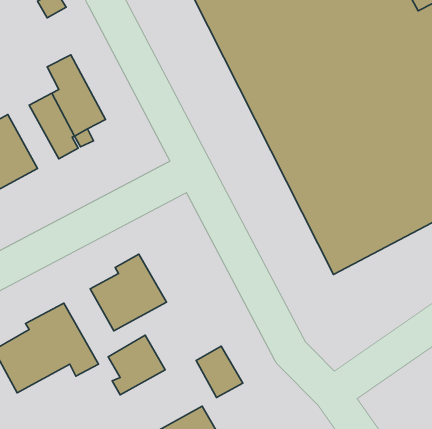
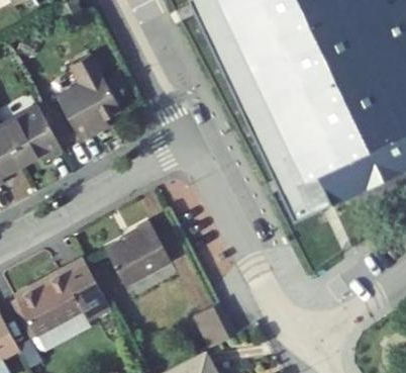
building: [108,335,165,395] -> none

